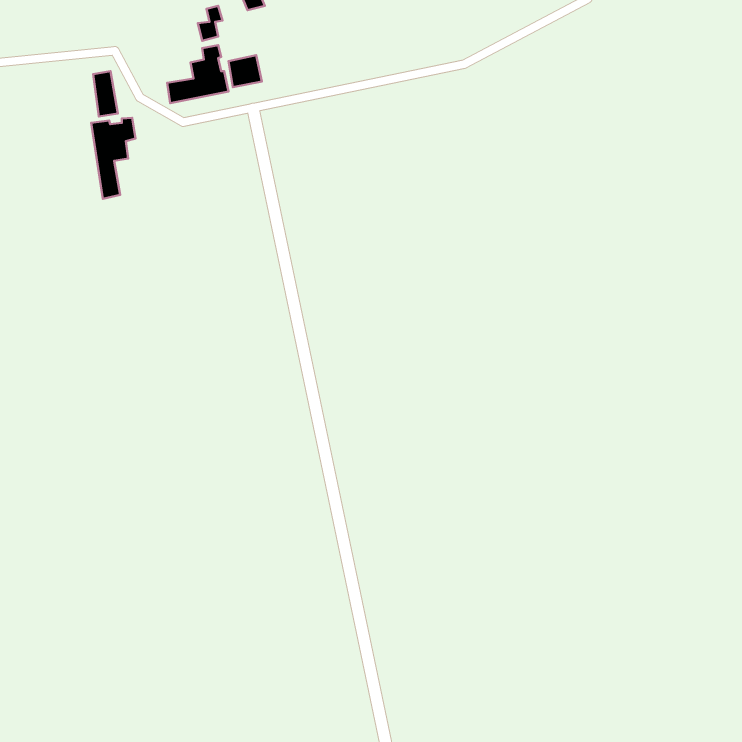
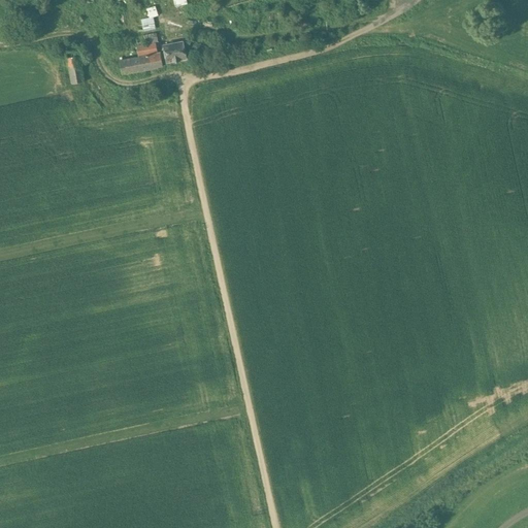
building: [91,118,136,199] -> none

